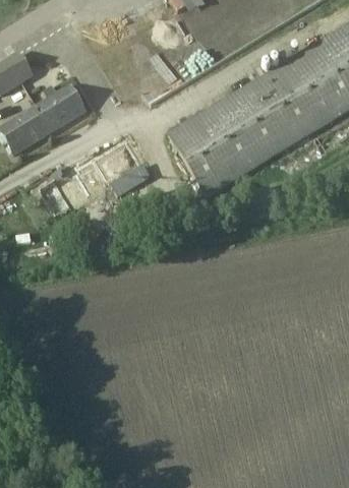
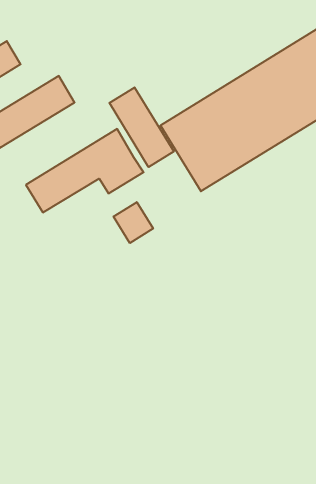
building: none -> [109,87,174,167]
building: none -> [114,202,153,243]

